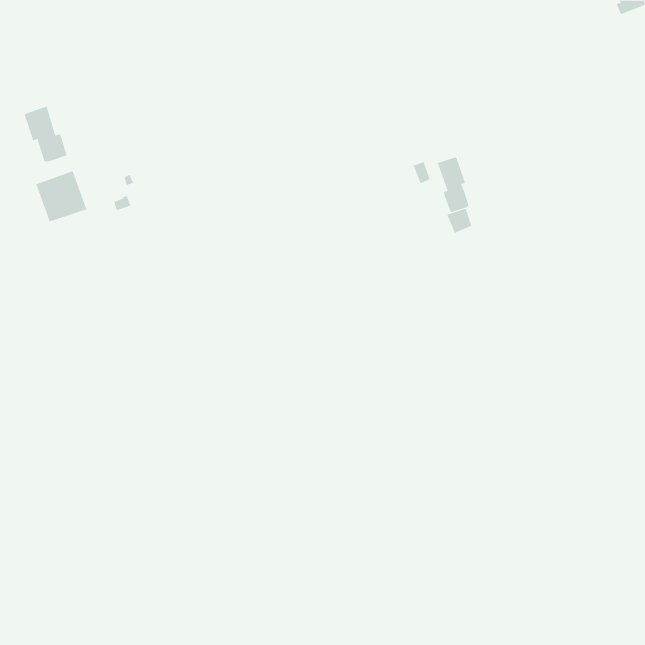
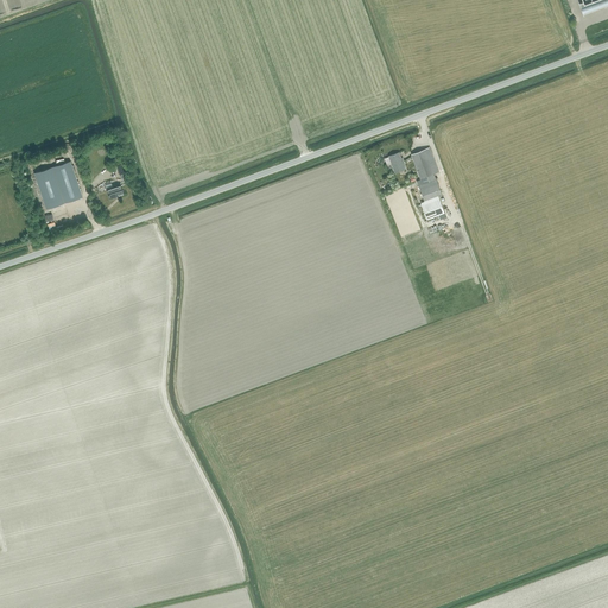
building: [24,105,67,162] -> none

